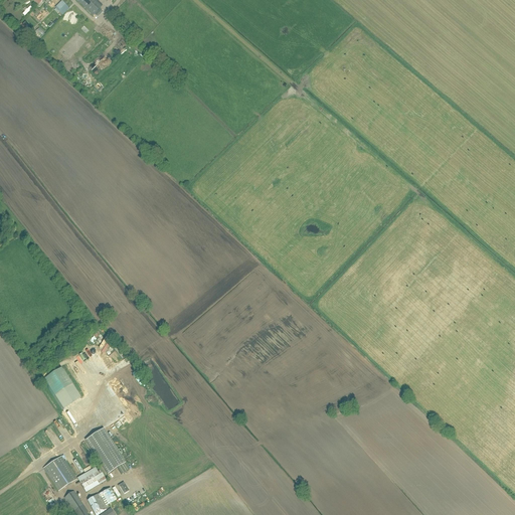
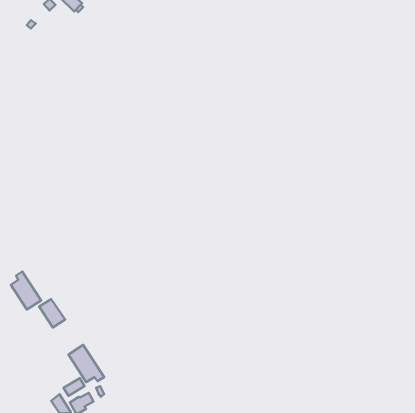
building: none -> [11,272,41,309]
building: [42,454,75,489] -> none

